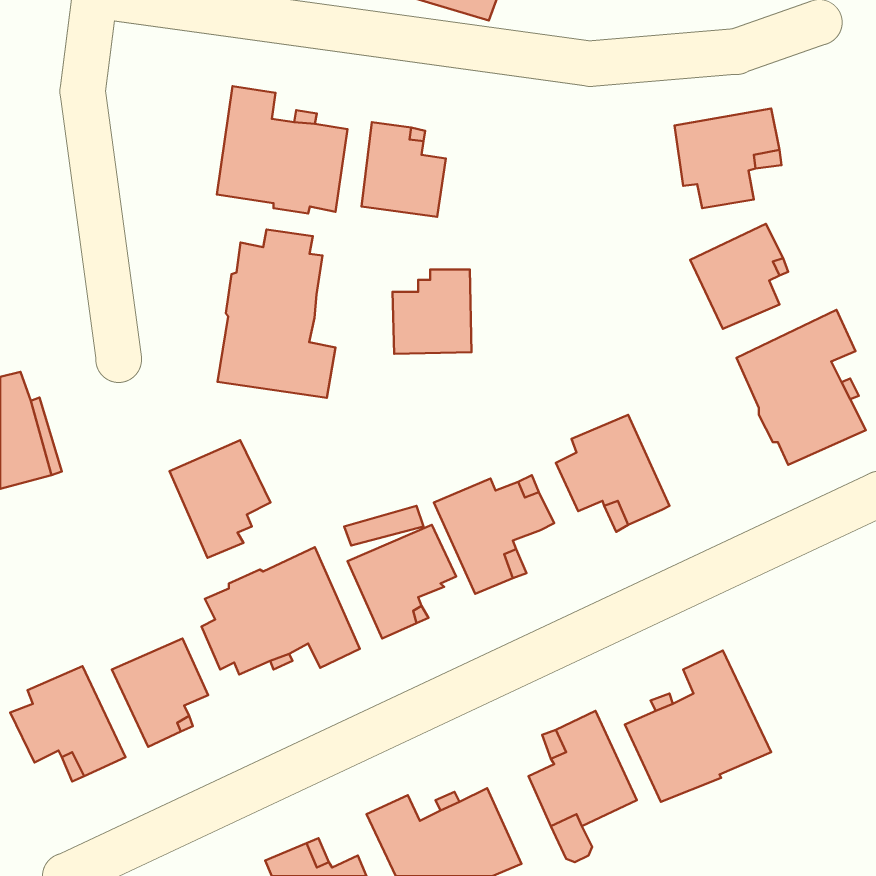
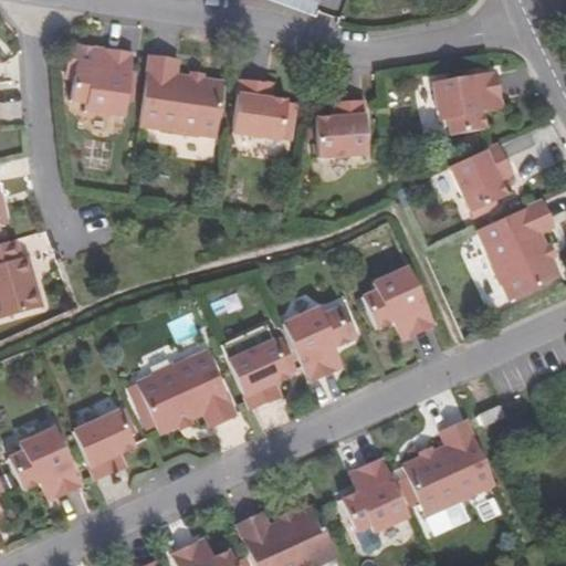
building: none -> [69,43,135,115]
building: [217,229,335,398] -> none
building: [392,269,472,354] -> [316,102,367,156]
building: [169,440,271,558] -> none

